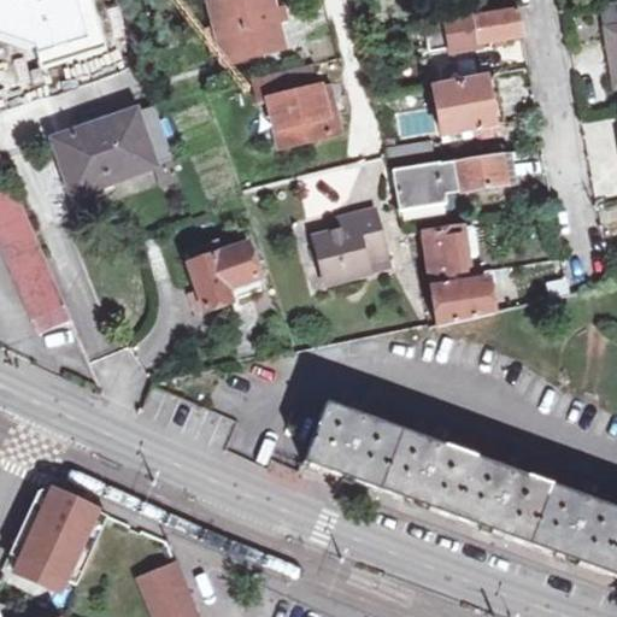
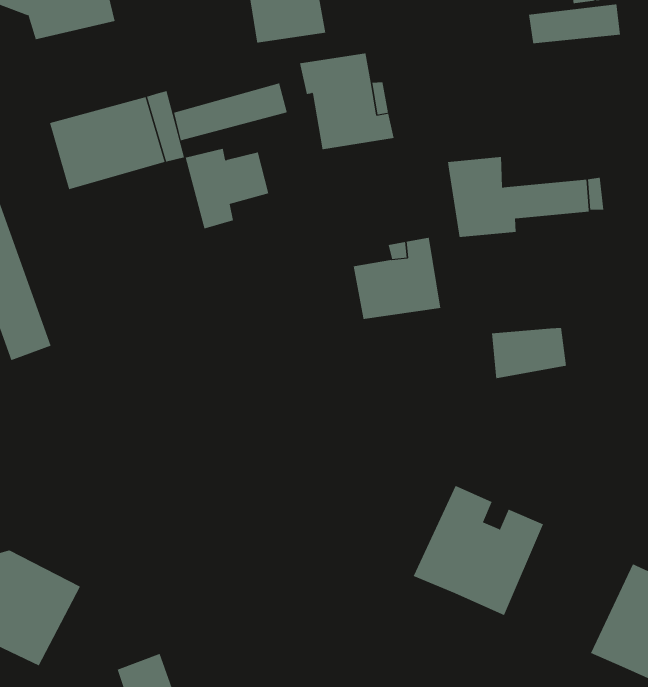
building: [434,78,494,133] -> none
building: none -> [173,82,287,141]
building: [421,224,478,286] -> none
building: [189,252,260,319] -> [185,148,269,229]
building: [300,400,409,489] -> none
building: [456,440,558,543] -> none

